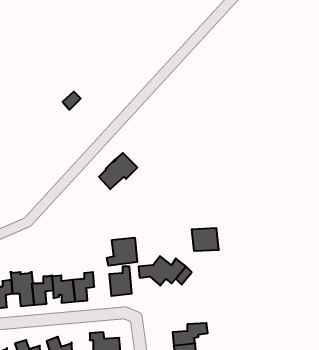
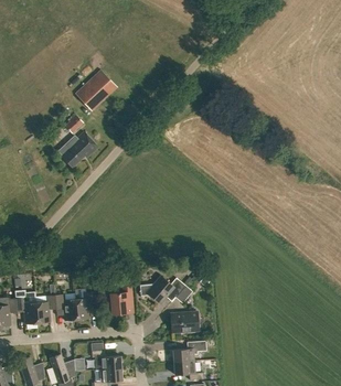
building: none -> [75,69,116,110]
building: [99,153,137,189] -> [61,132,98,168]
building: [192,228,219,251] -> [171,311,198,333]
building: [107,238,137,266] -> none

